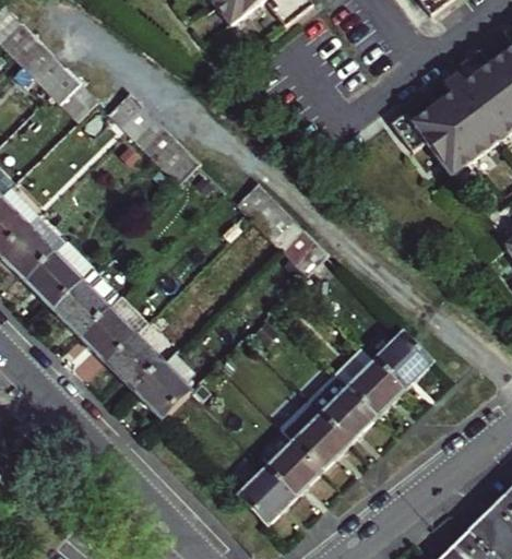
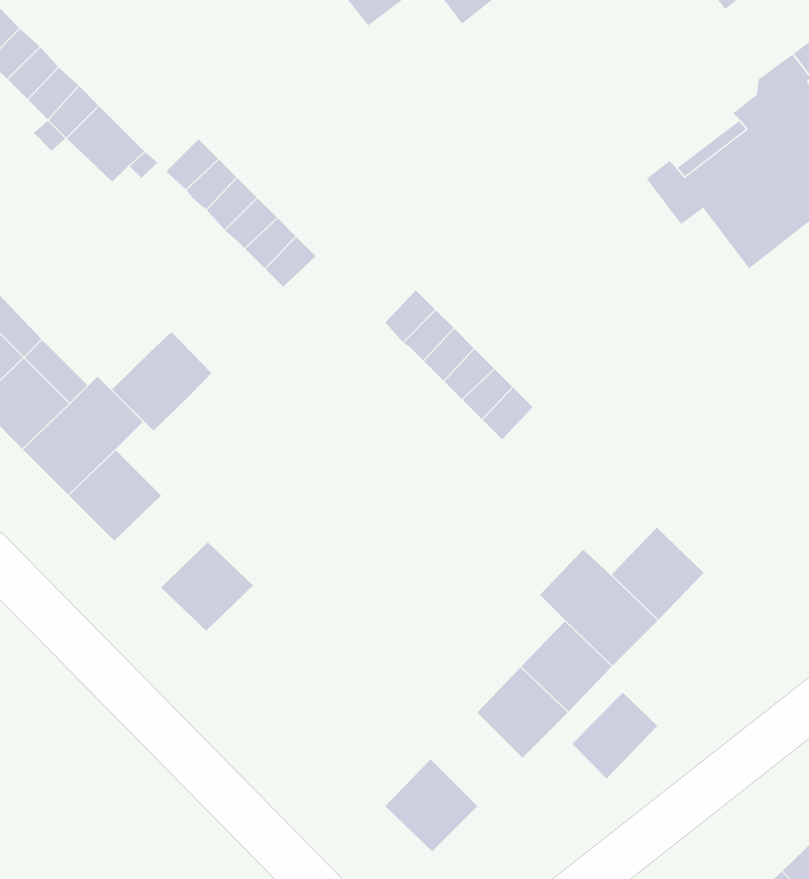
building: none -> [111,331,212,431]
building: [80,308,135,362] -> none
building: [134,361,191,417] -> none
building: none -> [571,692,658,779]
building: [267,437,322,492] -> none

